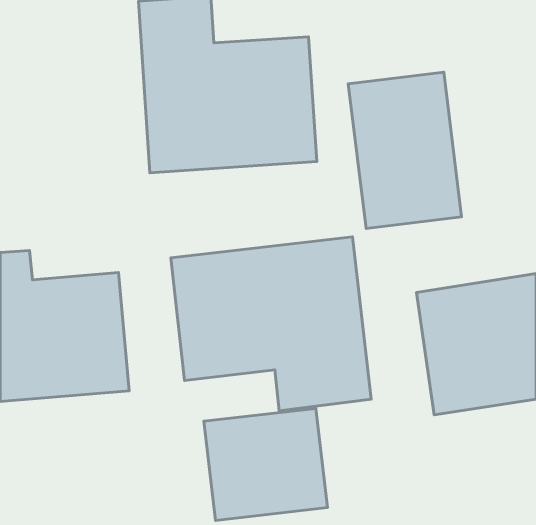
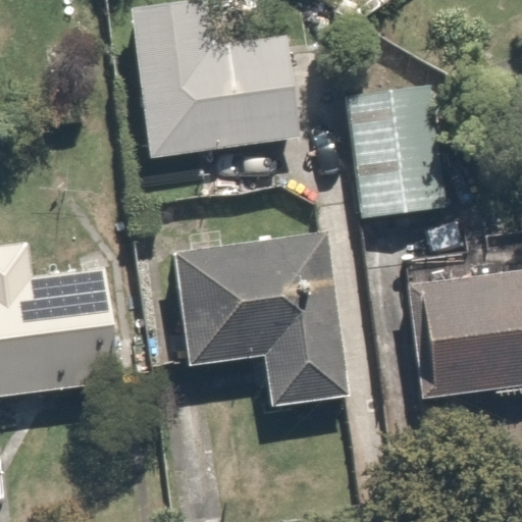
building: [204,408,328,521] -> none

